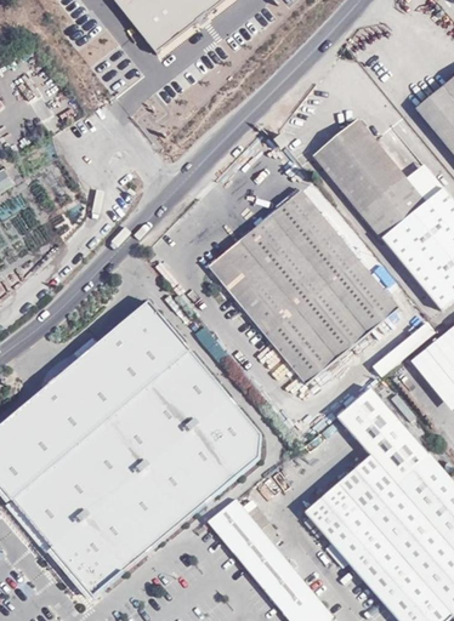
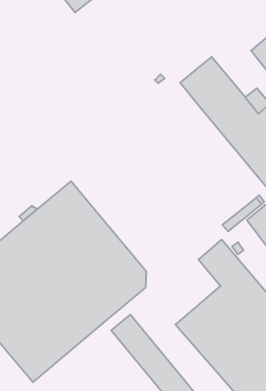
building: [208,189,396,380] -> none

